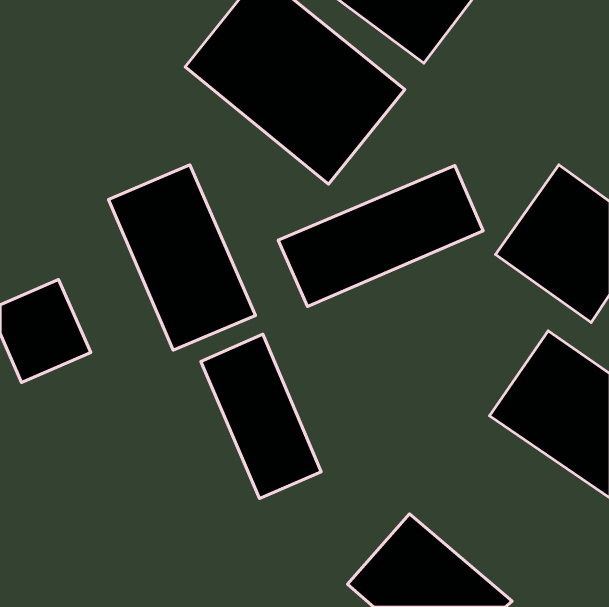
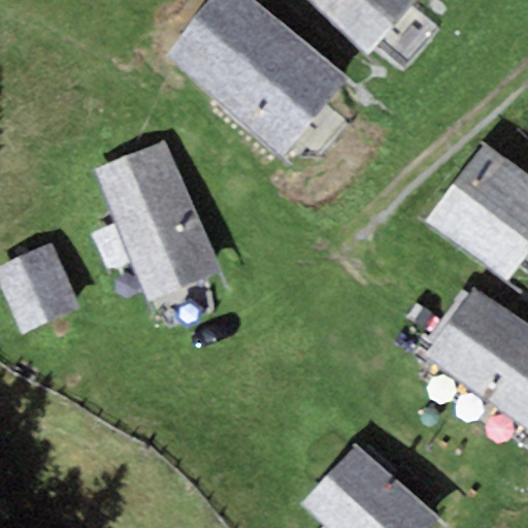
building: [278,165,483,306] -> none
building: [201,334,321,498] -> none

